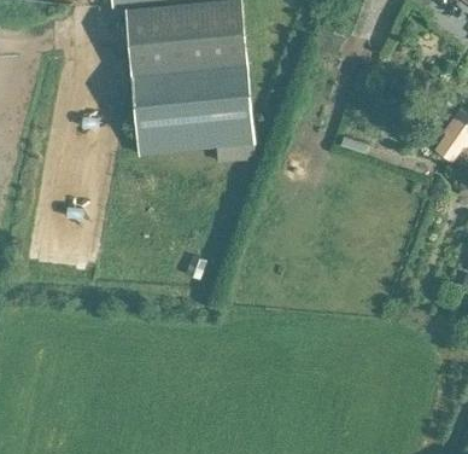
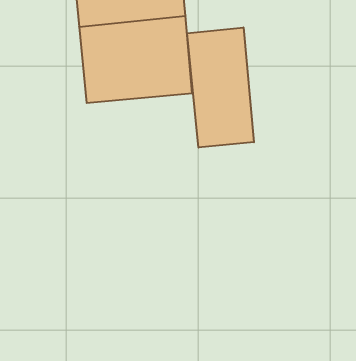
building: none -> [187,27,254,148]

